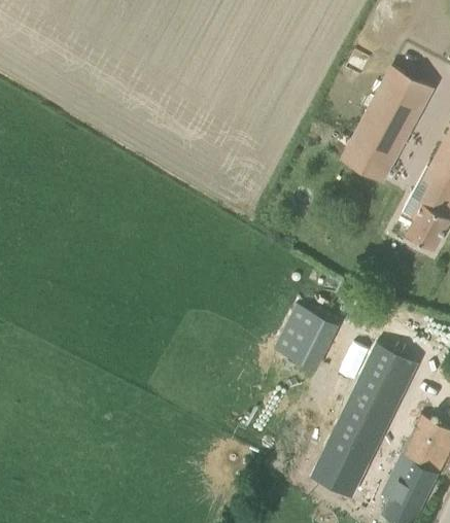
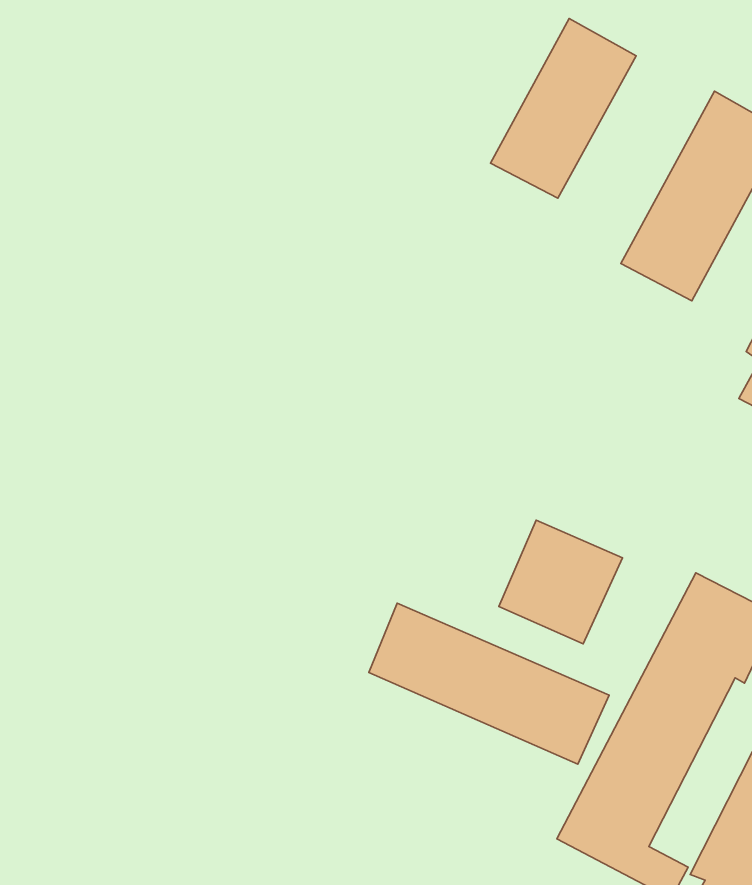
building: none -> [490,18,636,198]
building: none -> [369,603,609,764]

